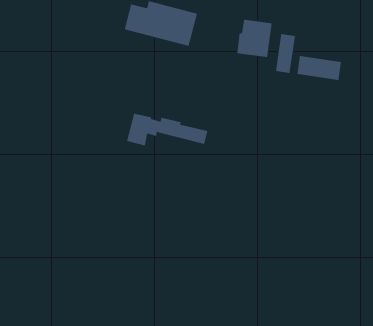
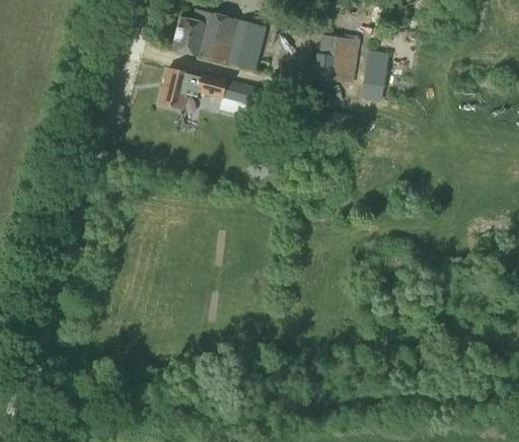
building: [297,55,341,81] -> none
building: [126,113,208,146] -> [158,67,262,108]

